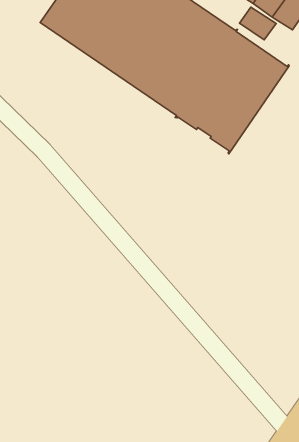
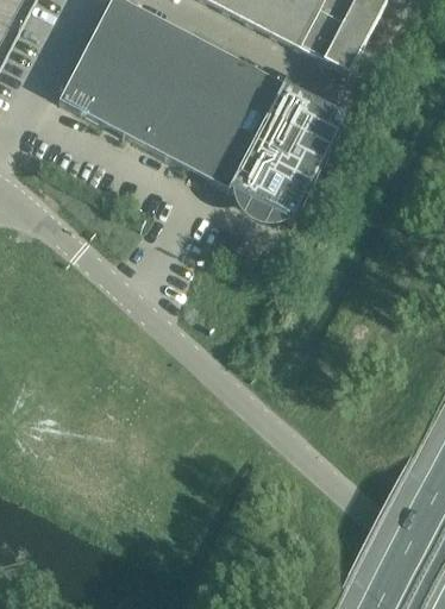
building: [240,7,276,40] -> none

